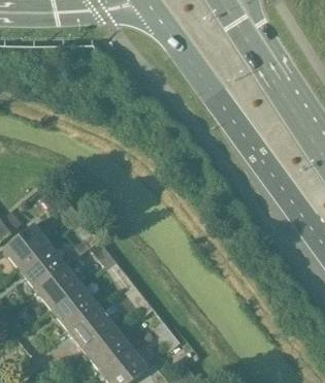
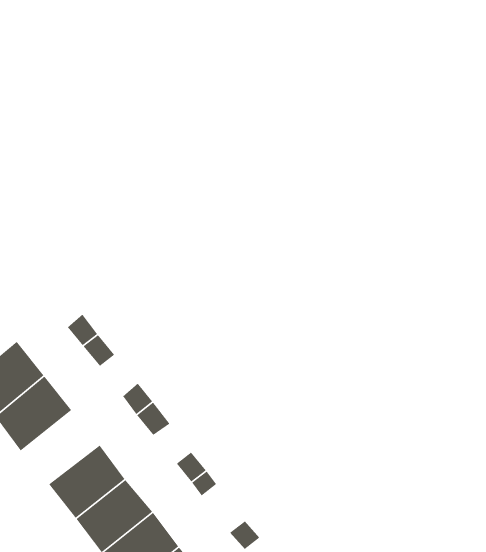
building: [35,264,83,309] -> none

